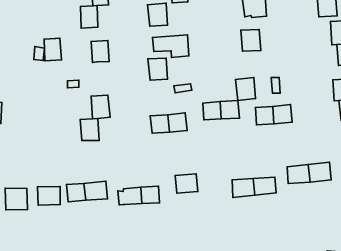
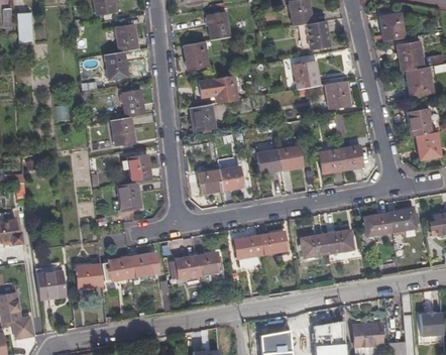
building: [44,38,61,61] -> [112,116,134,144]
building: [235,78,255,100] -> [324,80,349,108]
building: none -> [257,231,286,255]

